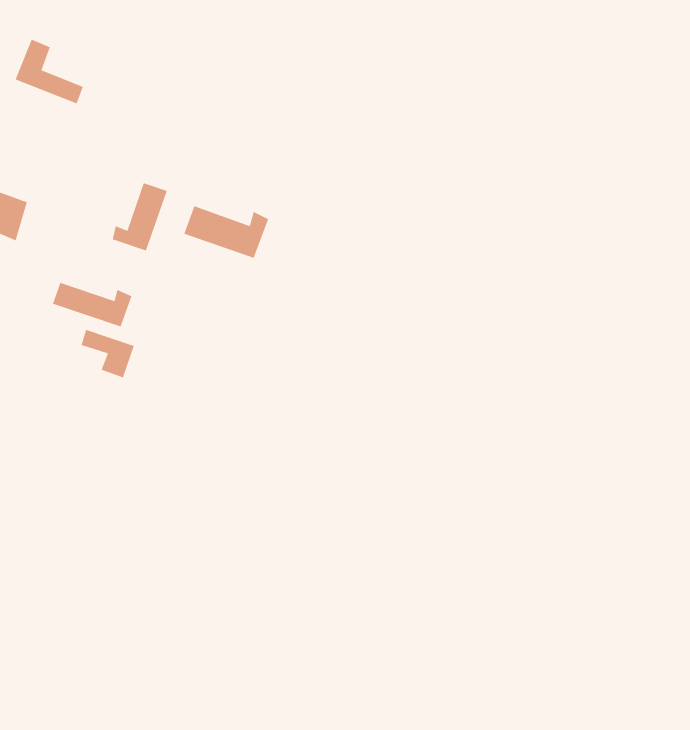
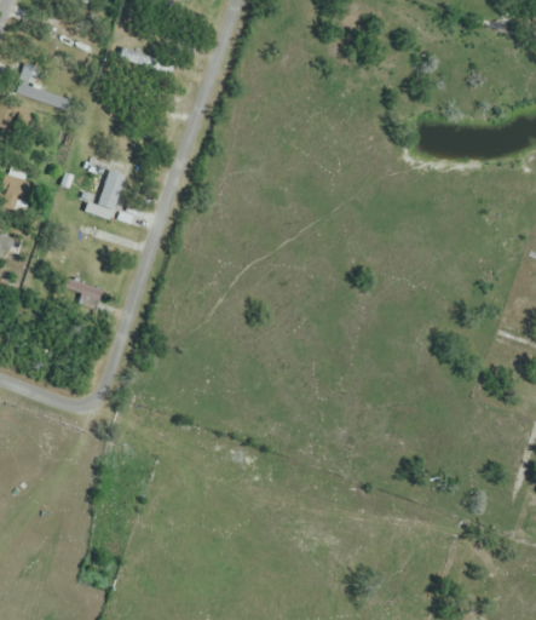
building: [183,205,269,259] -> none
building: [52,282,132,327] -> none

